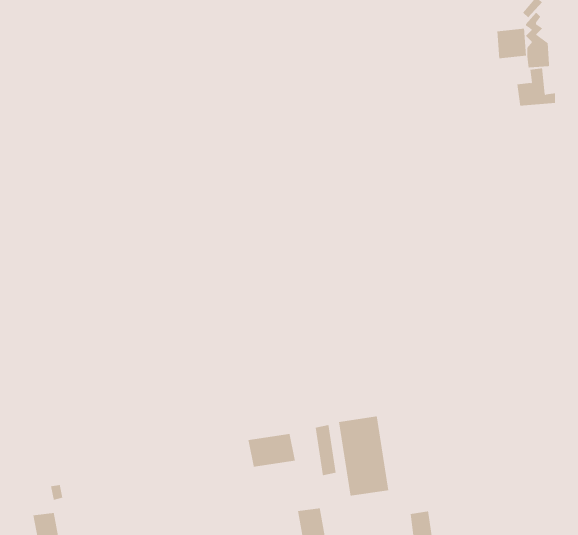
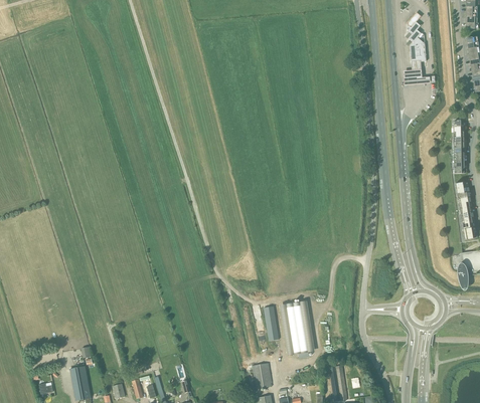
building: [497,28,527,59] -> none
building: [248,433,295,467] -> none

